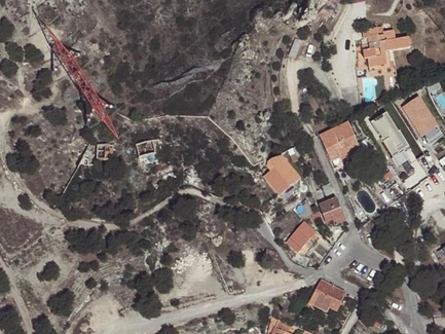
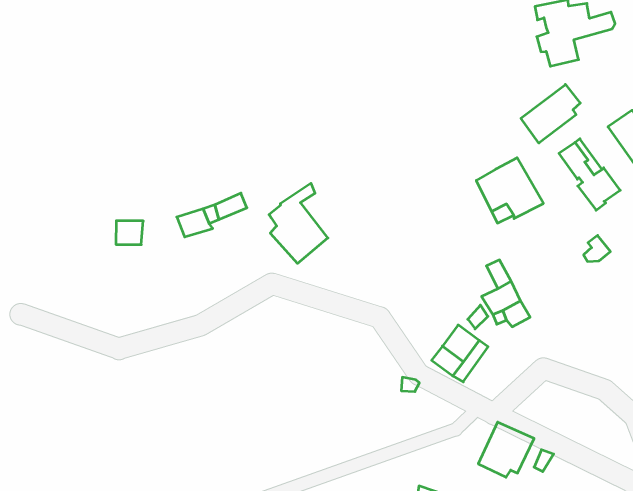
building: none -> [521,84,580,143]
building: [264,146,299,194] -> [269,183,328,263]

